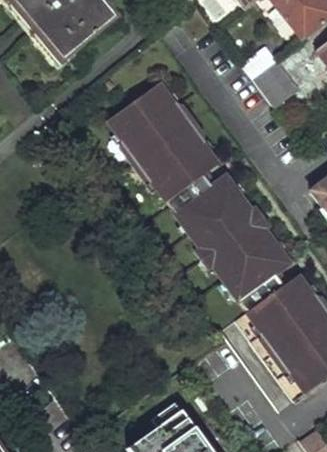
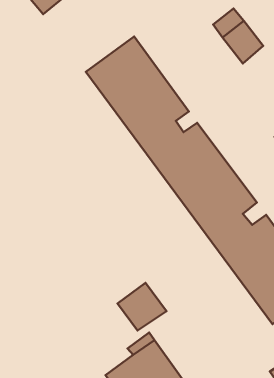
building: none -> [117,283,166,331]

